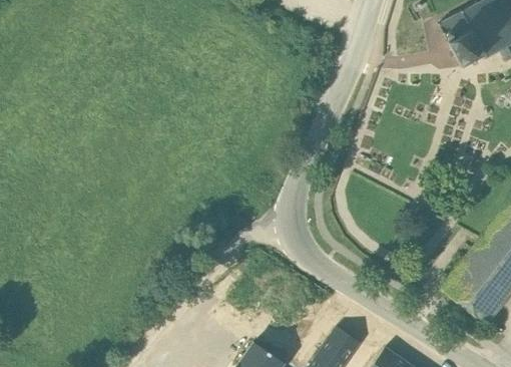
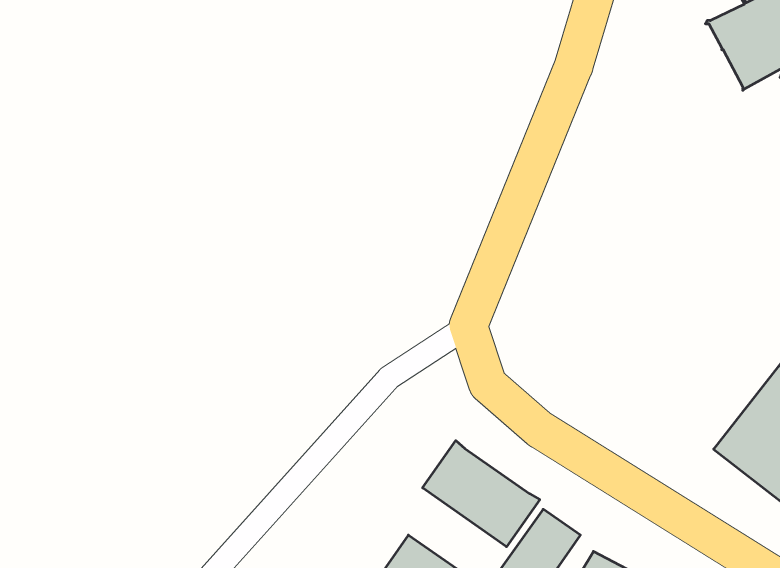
building: none -> [423,441,540,547]

